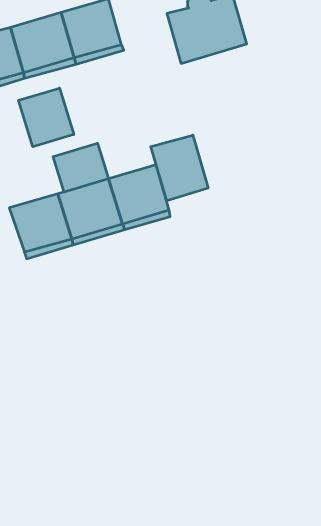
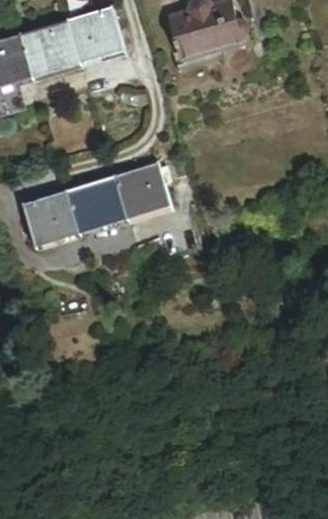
building: [19,88,74,147] -> none
building: [151,135,208,201] -> none
building: [53,143,109,192] -> none

